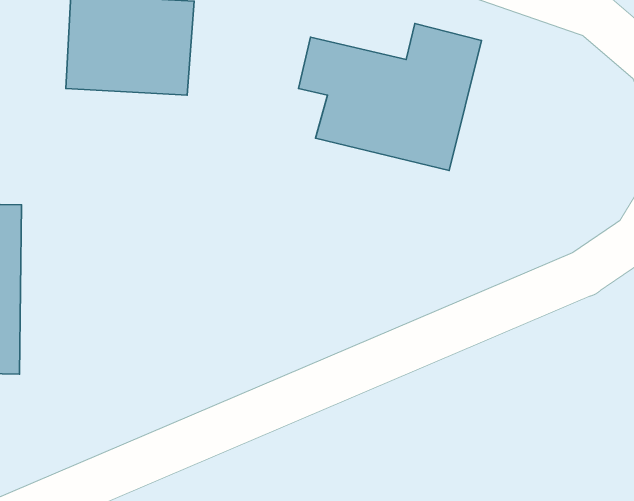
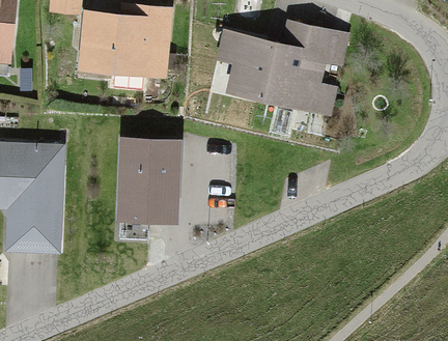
building: none -> [118,135,175,210]

